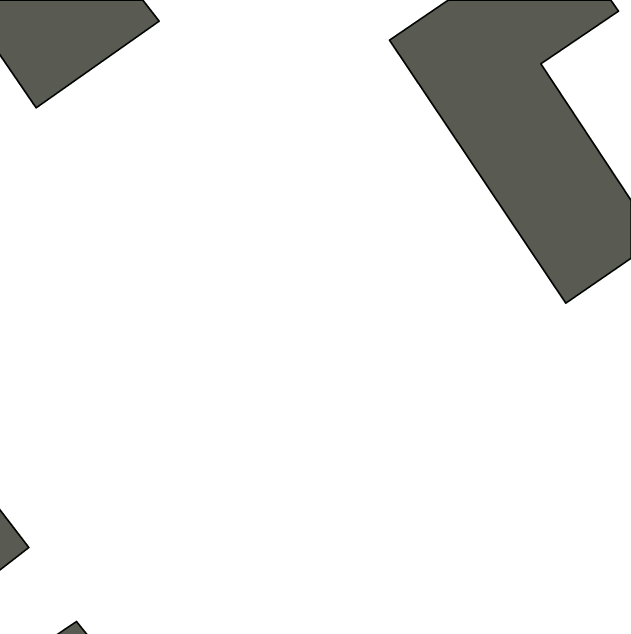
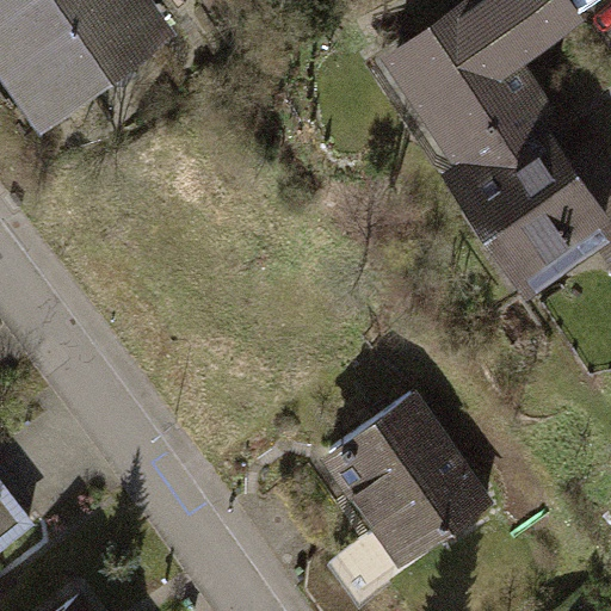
building: none -> [311,391,496,572]

